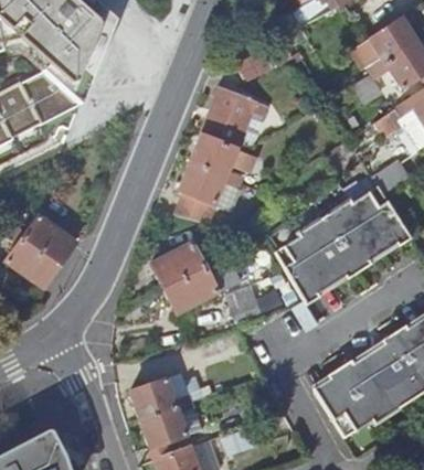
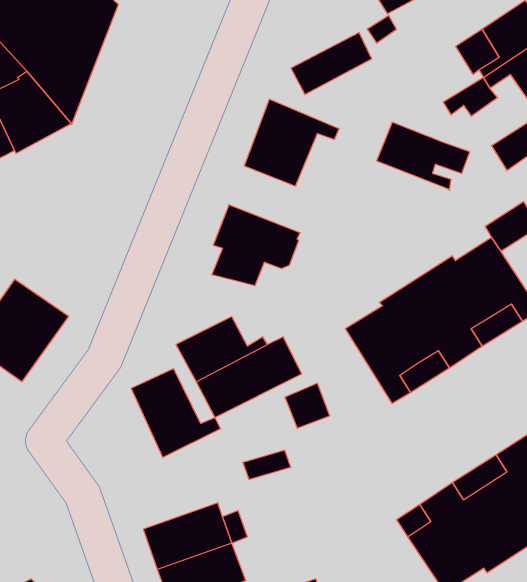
building: [190,135,256,183] -> [377,122,470,190]
building: none -> [131,369,221,458]

